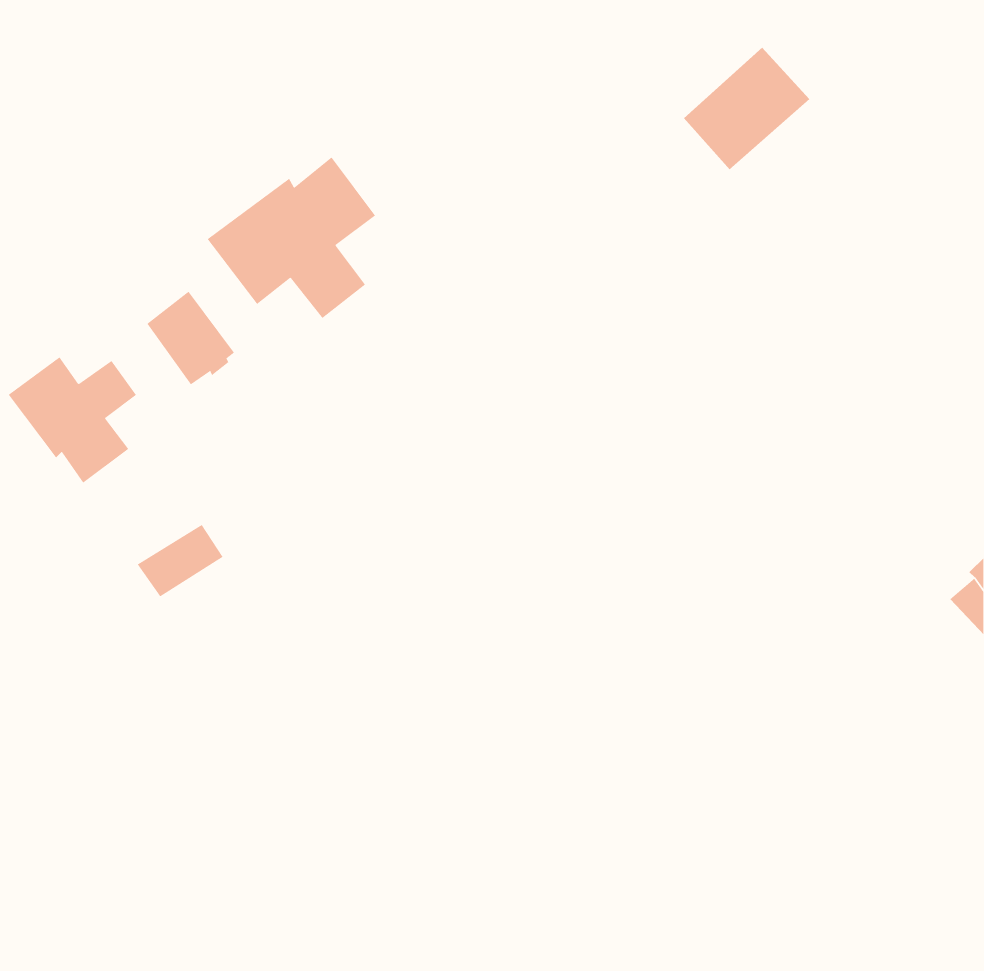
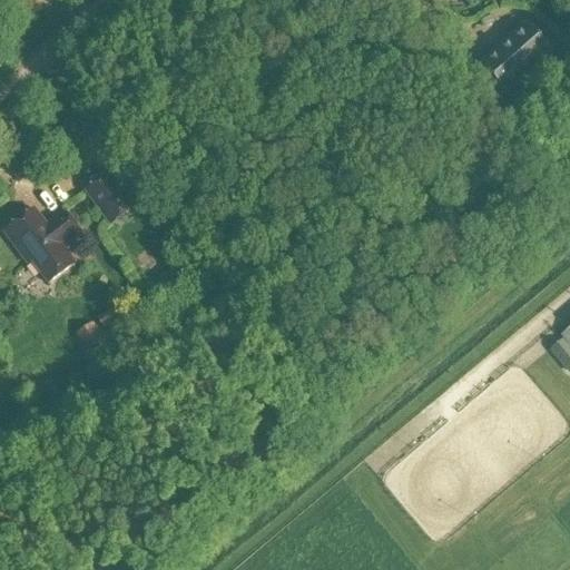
building: [683,47,810,170] -> [479,19,552,90]
building: [207,157,376,319] -> none

